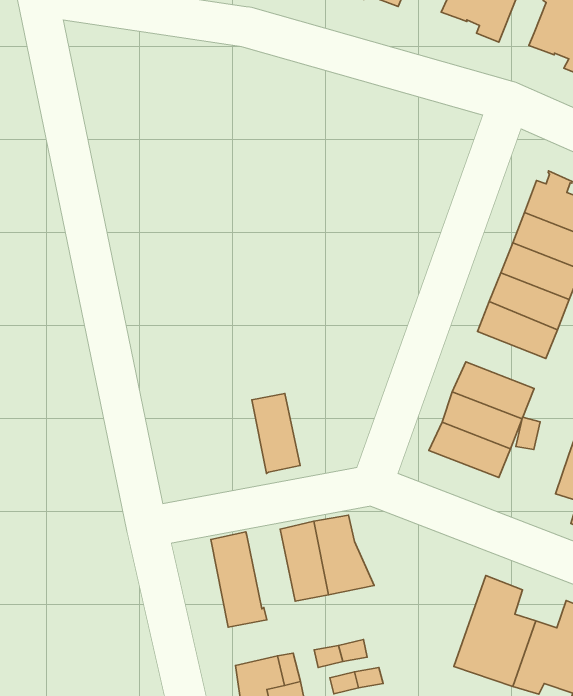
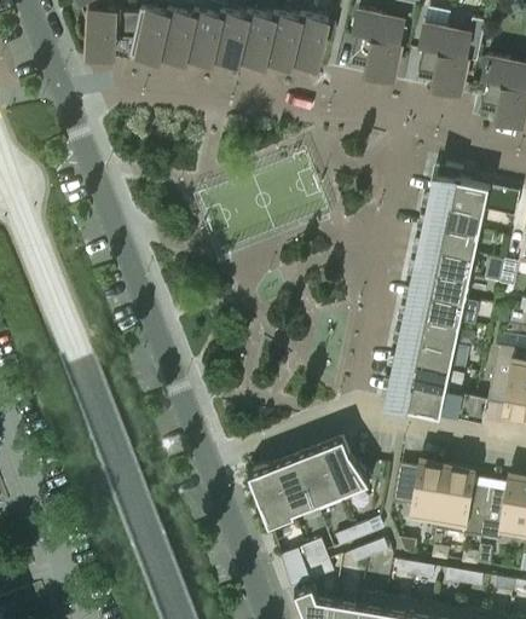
building: none -> [407,290,464,324]
building: [252,394,300,473] -> [272,455,314,514]
building: none -> [387,381,486,427]
building: none -> [389,457,447,532]

